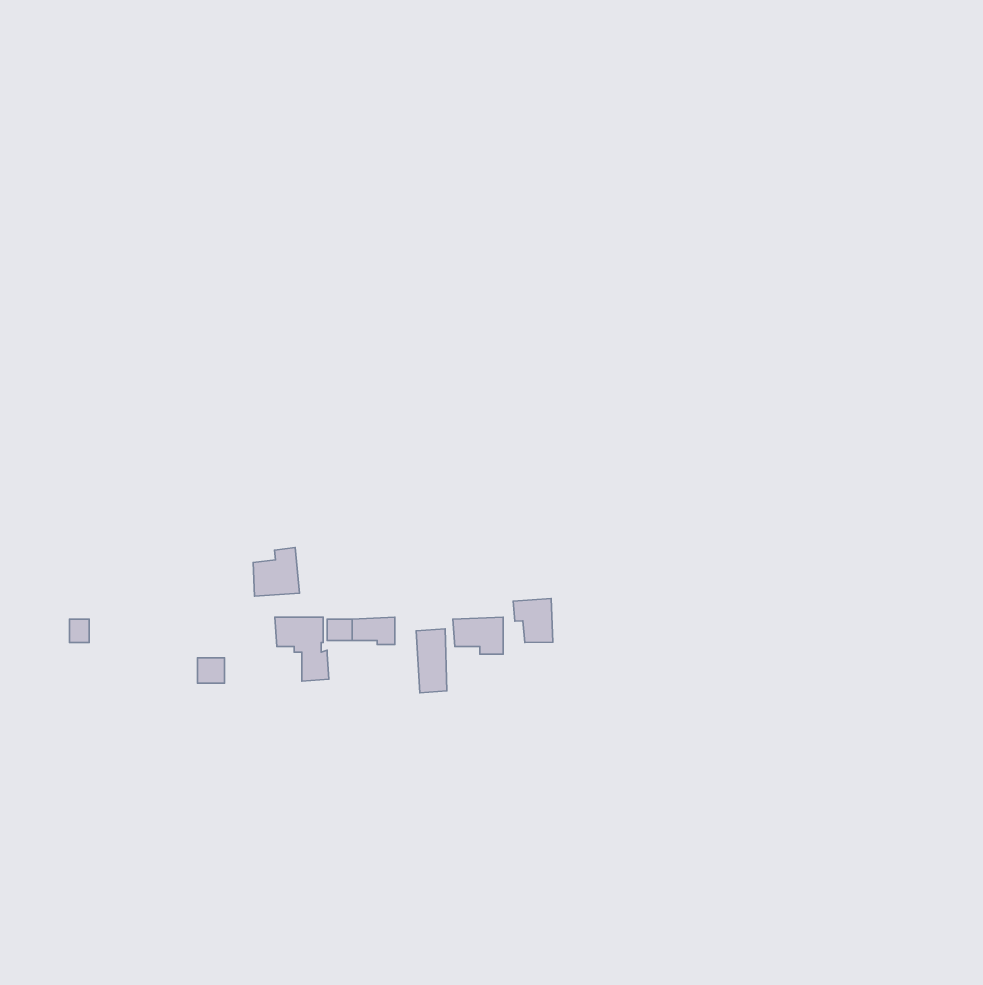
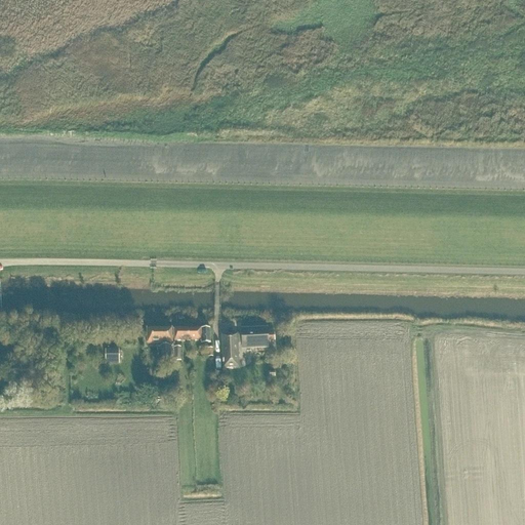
building: [253,548,300,596] -> none
building: [513,599,553,642] -> none

